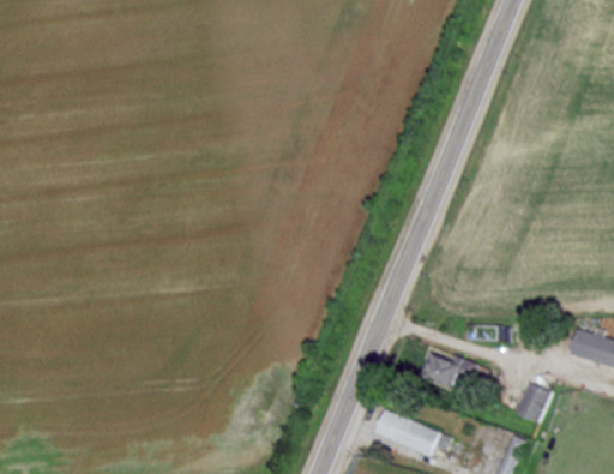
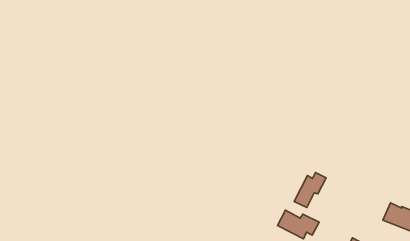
building: none -> [294,173,326,208]

